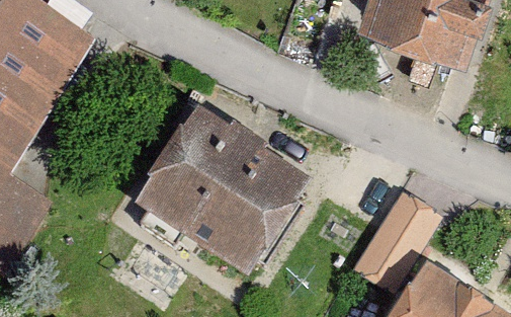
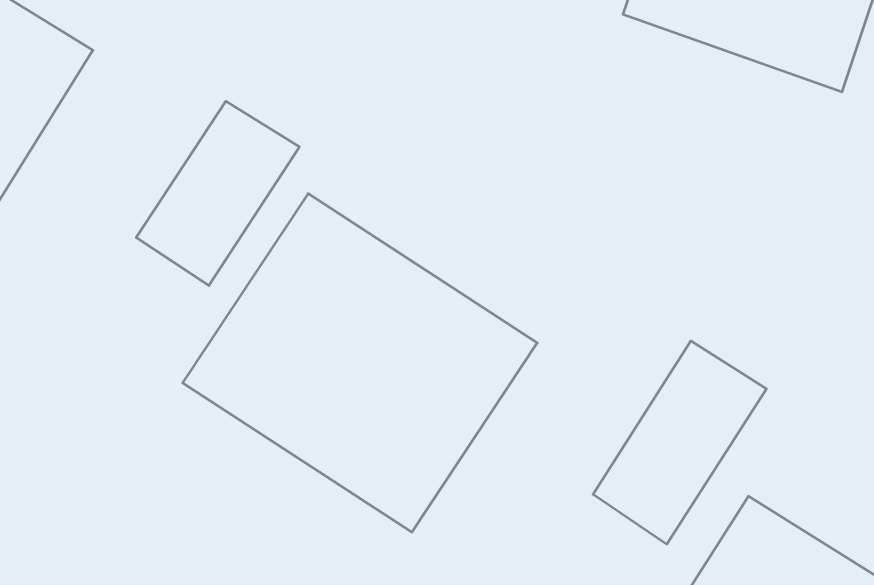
building: none -> [136,101,299,286]

